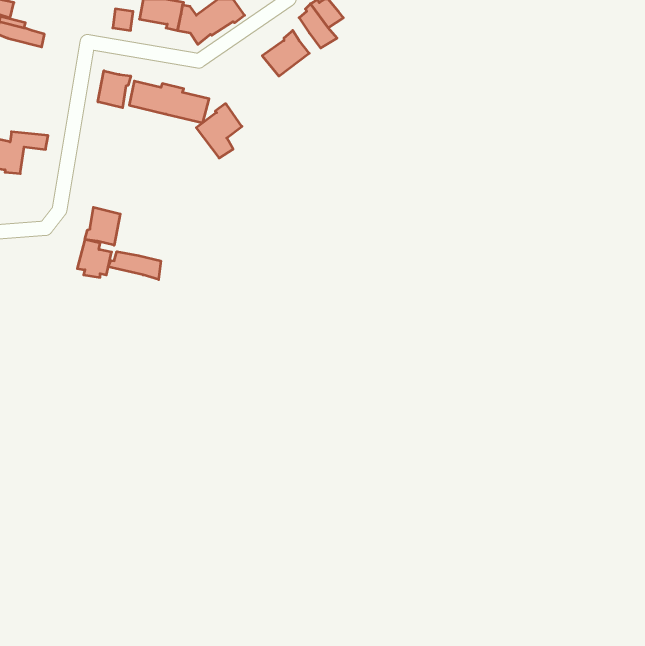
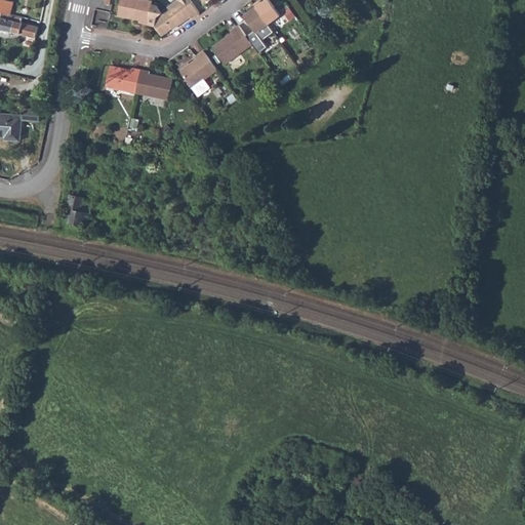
building: [98,71,131,108] -> none
building: [196,104,242,158] -> [180,49,217,93]
building: [85,207,120,245] -> none
building: [108,252,161,280] -> none

